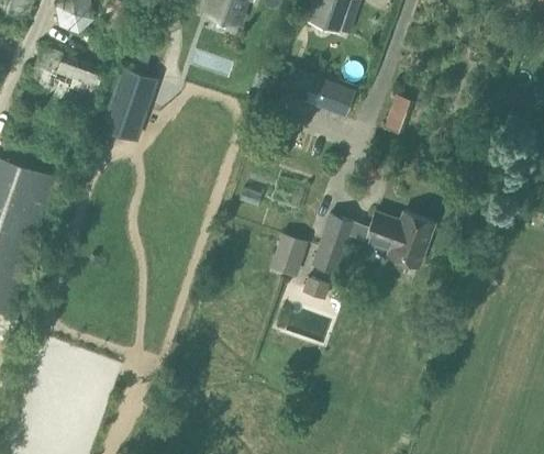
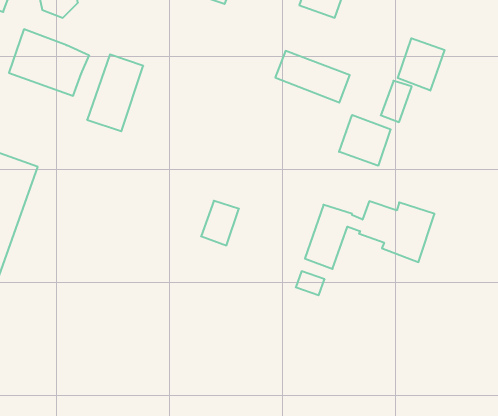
building: none -> [398,38,445,91]
building: none -> [339,115,391,166]
building: [271,235,308,278] -> [201,201,239,245]

